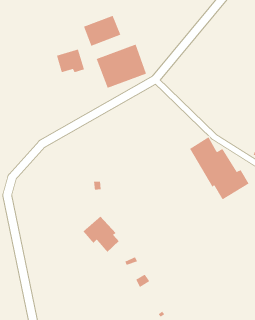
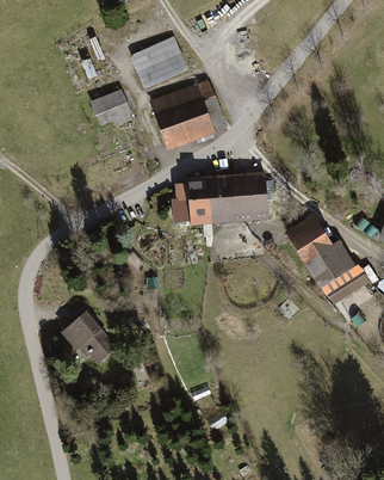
building: none -> [176,173,267,224]
building: [82,216,120,253] -> [61,310,114,364]

